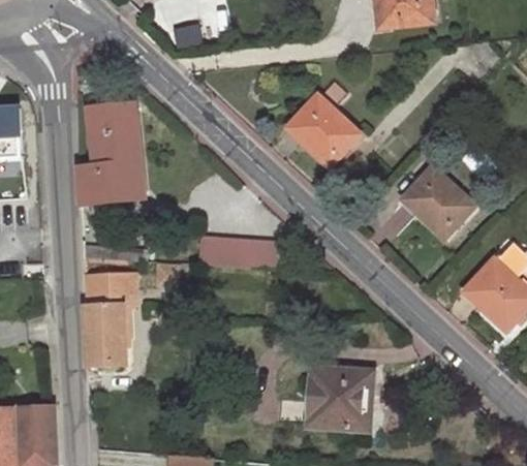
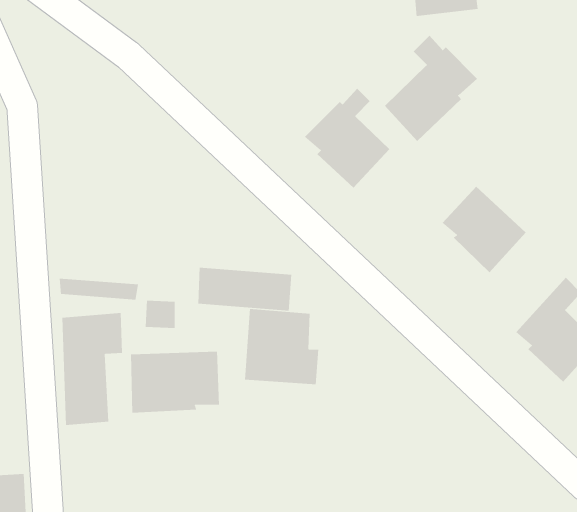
building: none -> [384,35,478,142]
building: [79,103,146,206] -> none
building: none -> [131,351,220,413]
building: [308,367,371,431] -> [244,309,319,385]

